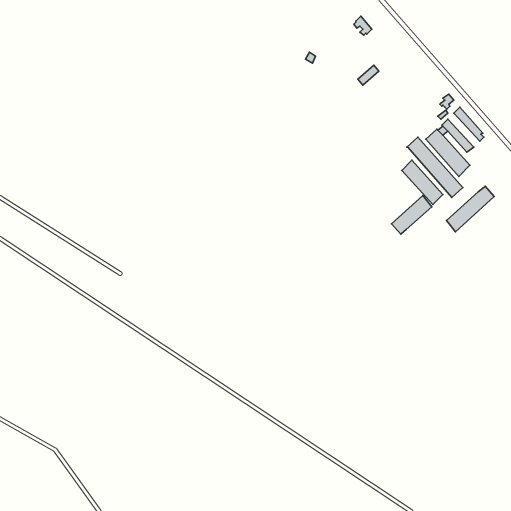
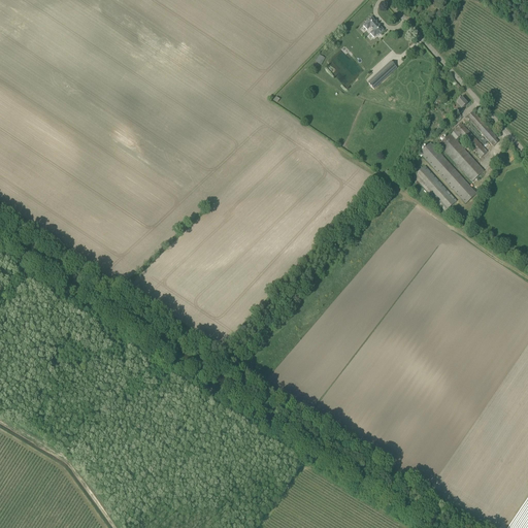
building: [447,186,494,232] -> none
building: [391,196,432,234] -> none

